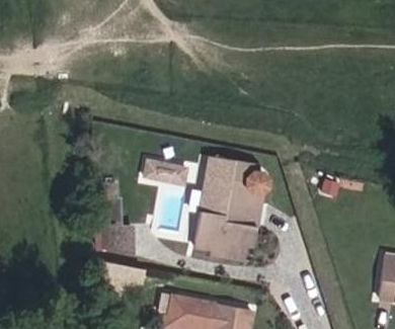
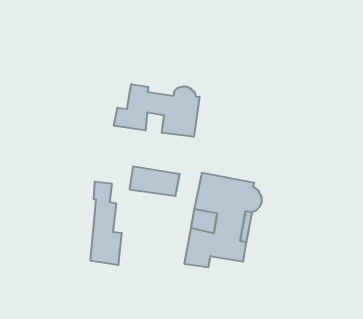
building: none -> [114,84,200,137]

